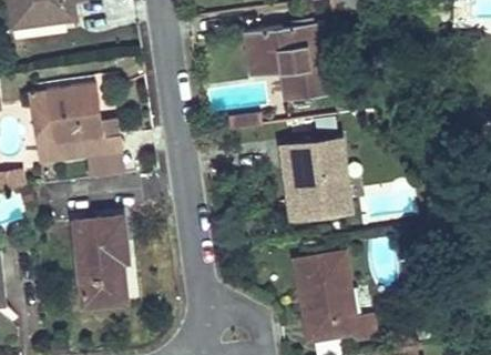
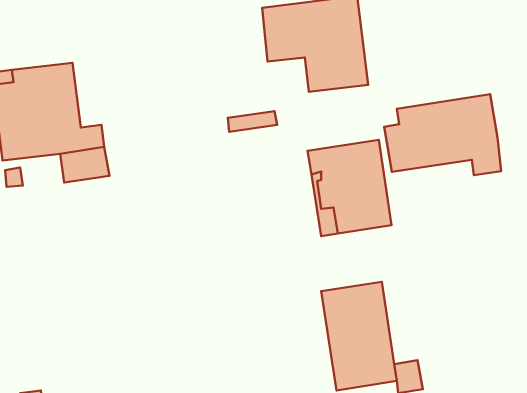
building: none -> [384,94,501,175]
building: [75,219,129,305] -> none

